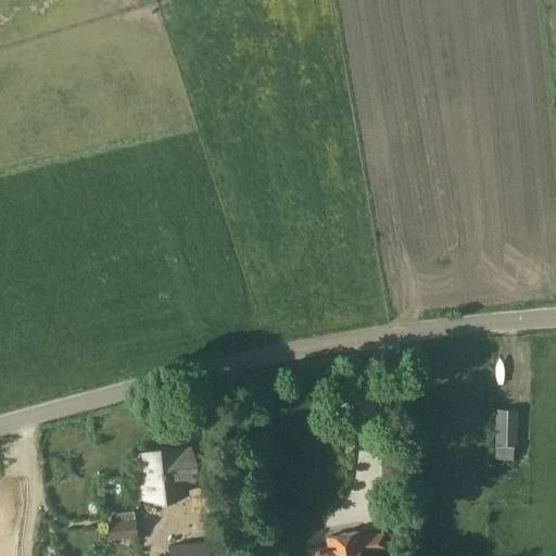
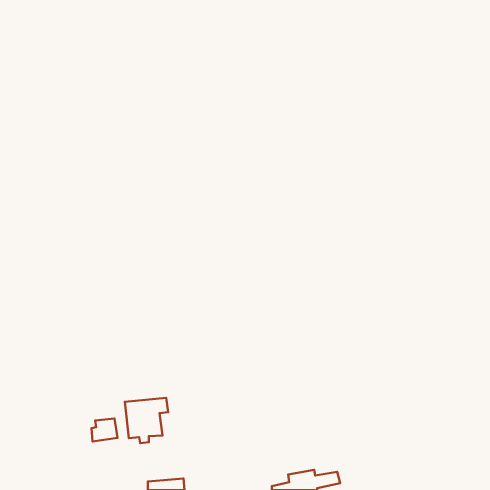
building: [494,409,519,460] -> none
building: [108,514,137,540] -> [91,419,117,442]

